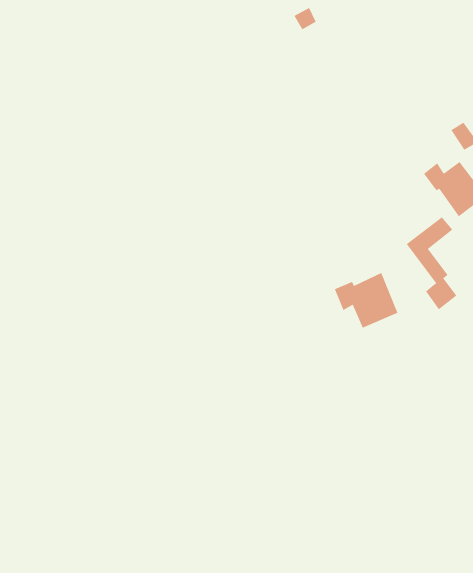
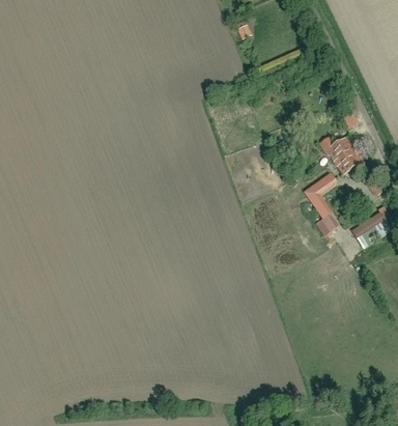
building: [334,272,398,329] -> none

